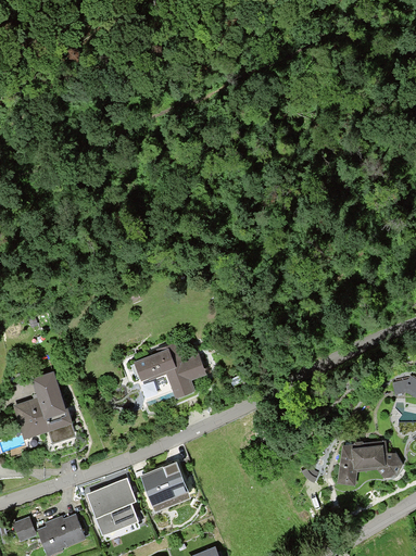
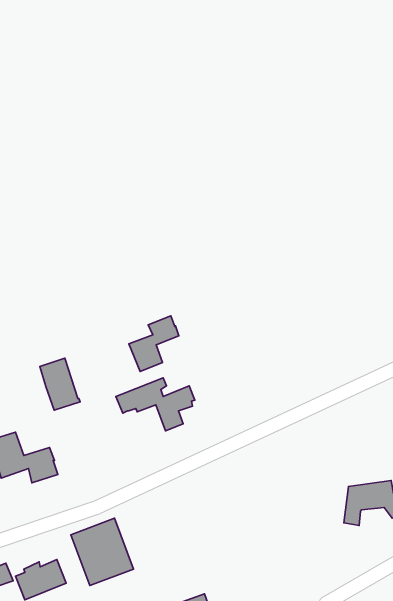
building: none -> [129,316,179,371]
building: [31,371,68,419] -> [40,358,80,410]
building: [141,463,189,511] -> none

